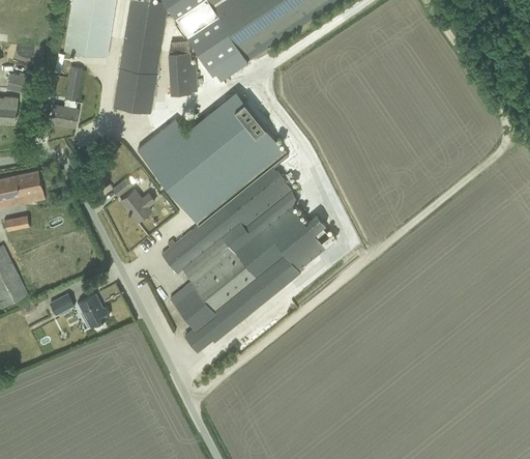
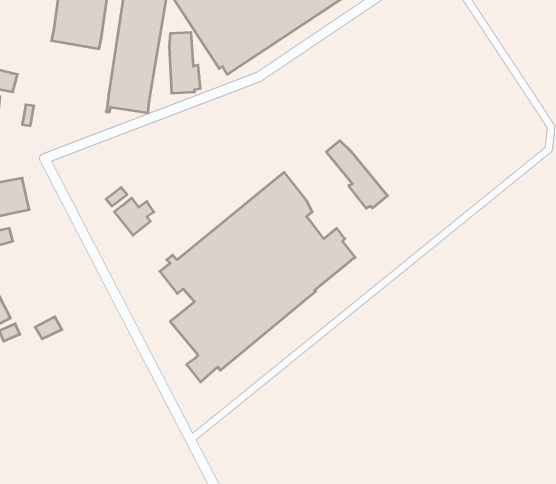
building: [50,66,82,127] -> none
building: [136,93,286,226] -> none
building: none -> [326,141,388,208]
building: [78,294,108,328] -> none

